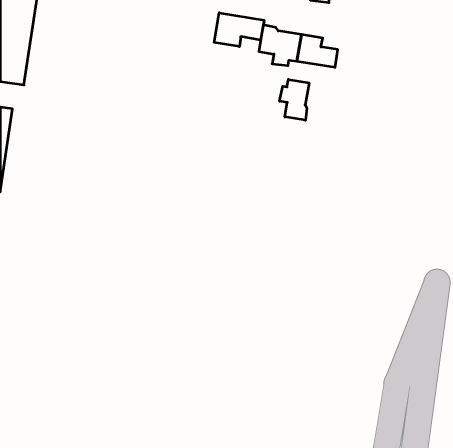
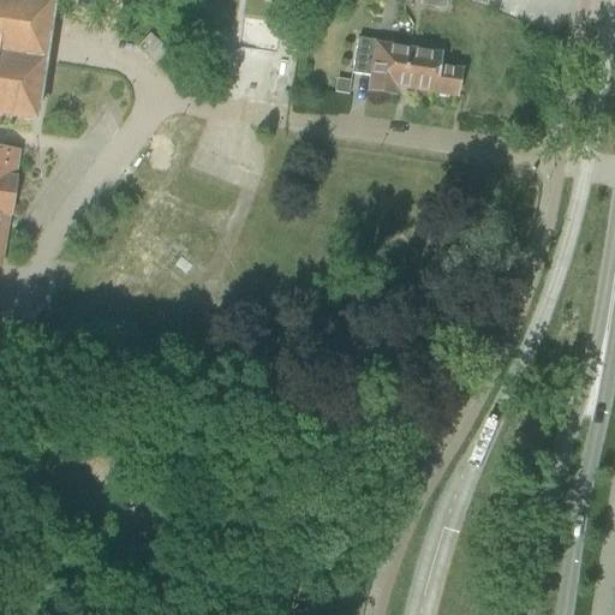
building: [214,13,264,47] -> none
building: [280,79,309,120] -> none

